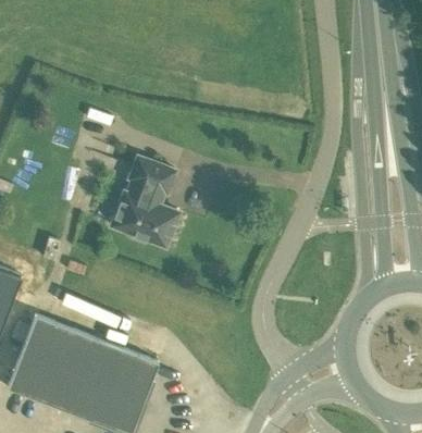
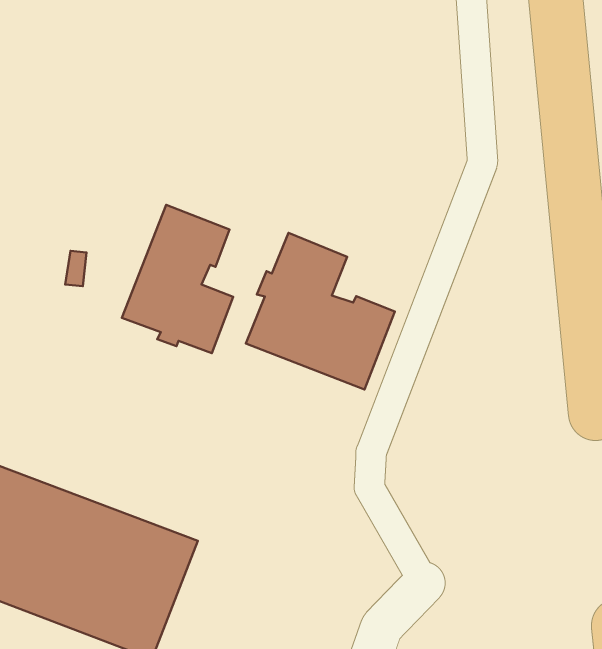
building: none -> [246,233,395,389]

